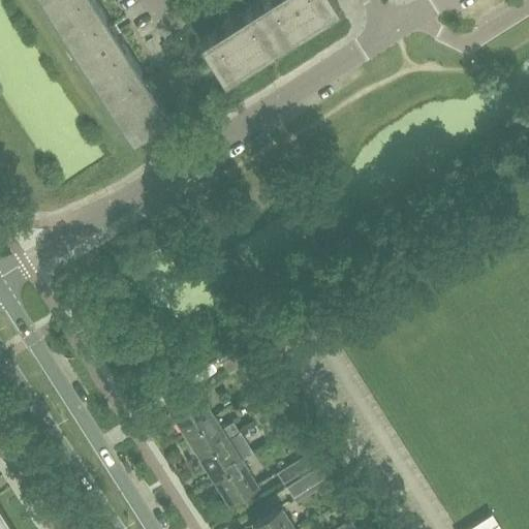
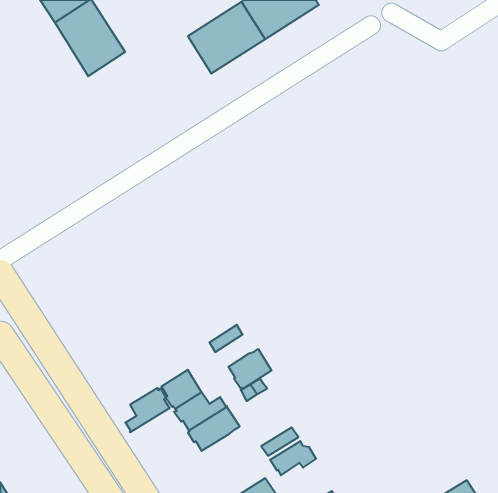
building: [95,62,170,144] -> none
building: none -> [228,349,271,389]
building: none -> [125,388,170,432]
building: [215,466,258,507] -> none

